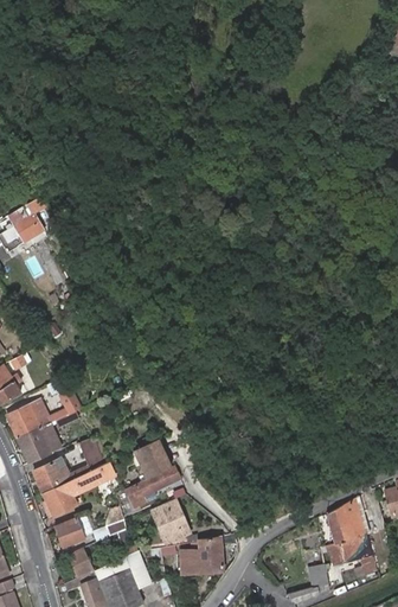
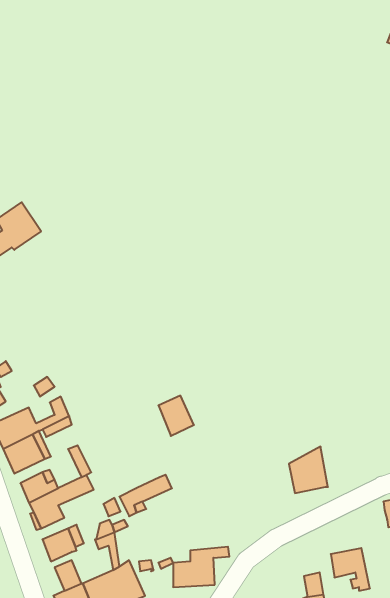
building: [135,439,169,478] -> [158,396,194,436]
building: [329,497,367,542] -> [289,447,328,493]
building: [160,499,192,539] -> none

